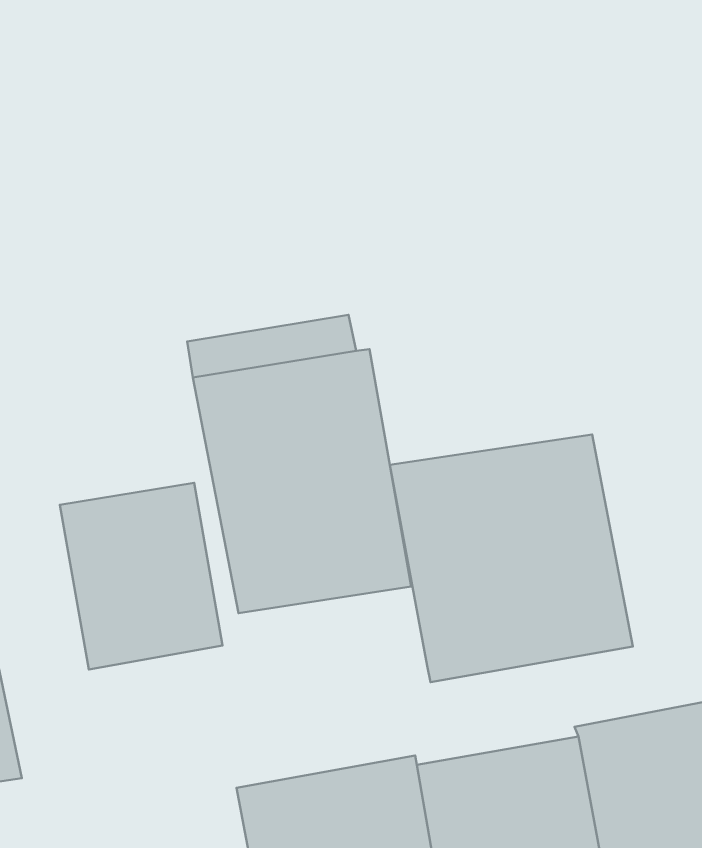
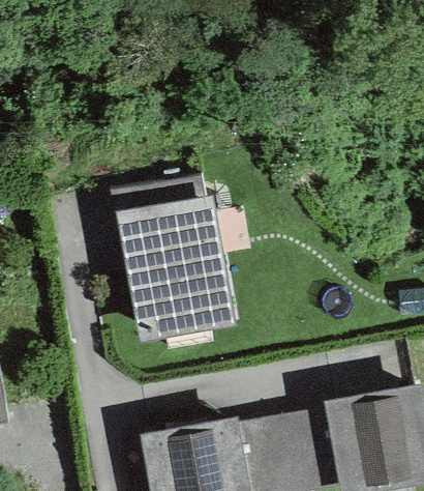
building: [390,434,633,682] -> none
building: [60,483,222,669] -> none

